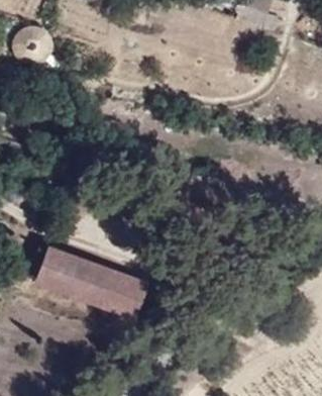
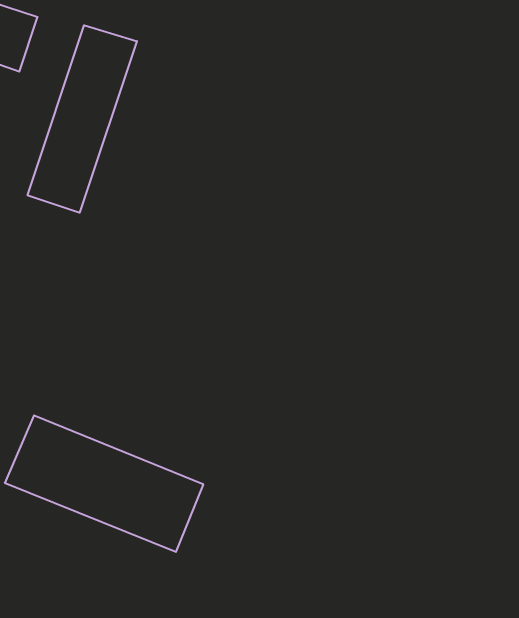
building: none -> [28,25,137,213]

